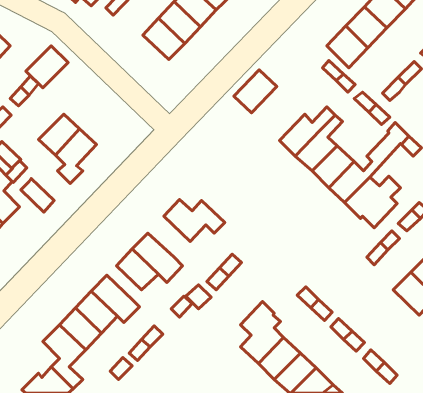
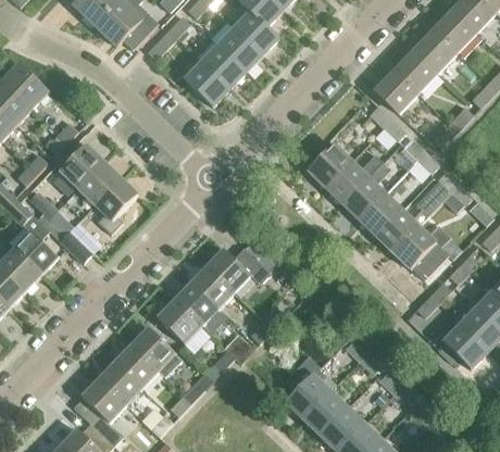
building: [26,46,68,88] -> [60,143,103,187]
building: [234,70,277,113] -> [308,143,352,188]
building: none -> [190,266,234,309]

